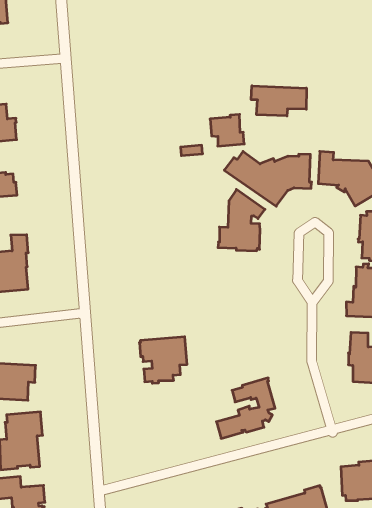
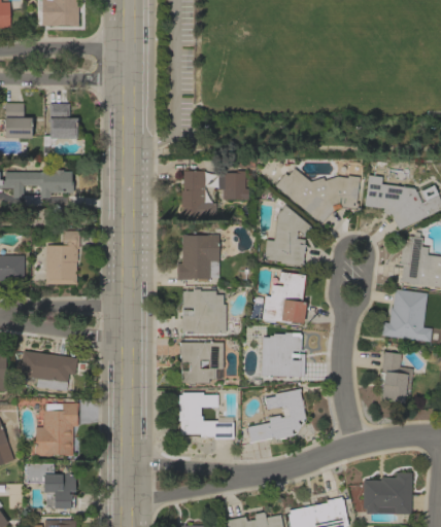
building: [251,86,306,116] -> none
building: [210,114,244,146] -> [217,171,248,200]
building: none -> [181,171,216,215]
building: none -> [177,235,219,282]
building: none -> [250,272,306,324]
building: none -> [181,289,226,333]
building: none -> [261,332,301,377]
building: none -> [178,392,234,440]

